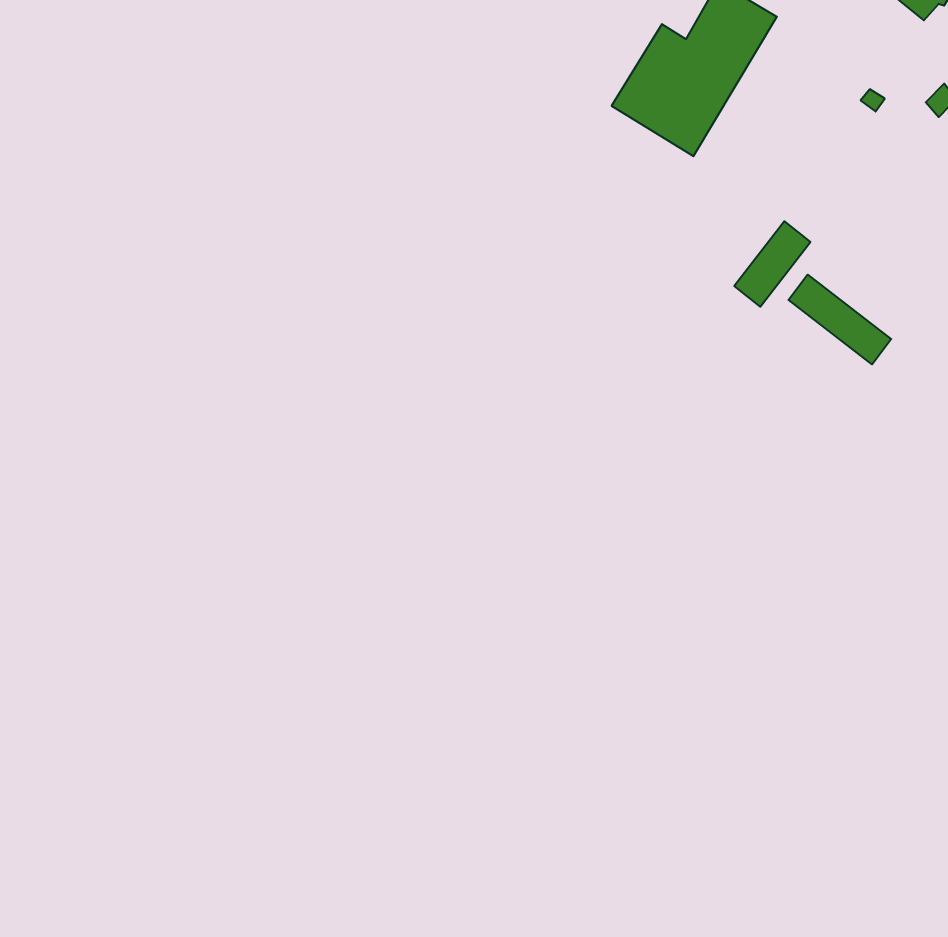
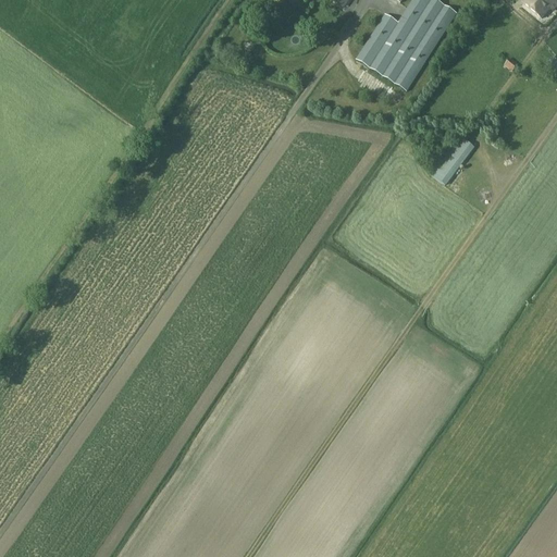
building: [788,275,891,364] -> none

